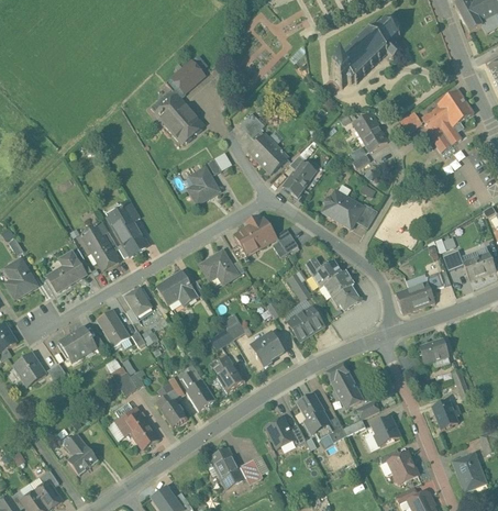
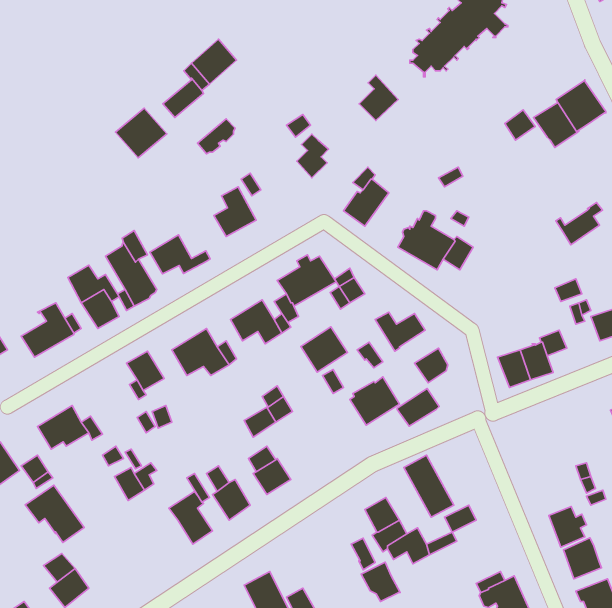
building: [159,99,197,135] -> [116,108,167,158]
building: [353,111,388,151] -> none
building: [430,122,464,153] -> [556,203,603,245]
building: [259,140,288,173] -> [359,75,398,120]
building: none -> [150,235,210,274]
building: [323,269,354,297] -> [397,388,439,426]
building: [97,310,130,346] -> none
building: [251,332,285,365] -> [301,327,347,372]
building: [419,338,449,364] -> none
building: [115,408,158,449] -> [25,485,84,543]
building: [373,416,400,445] -> none
building: [266,418,295,446] -> [361,562,400,601]
building: none -> [564,538,602,579]

